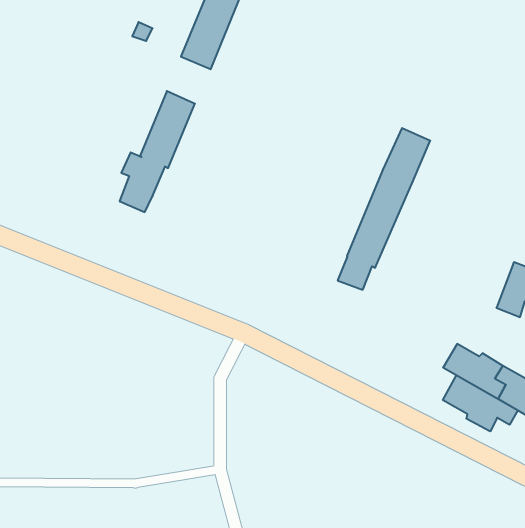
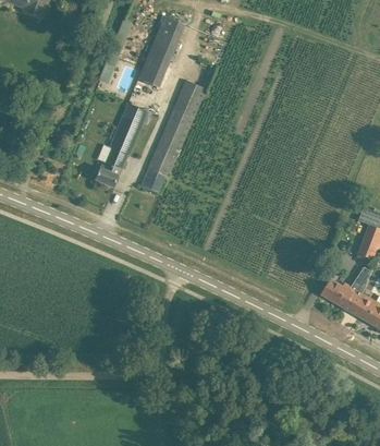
building: [338,128,430,290] -> [142,80,206,192]
building: [443,375,518,431] -> none

